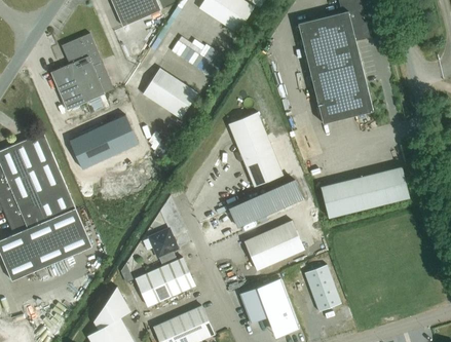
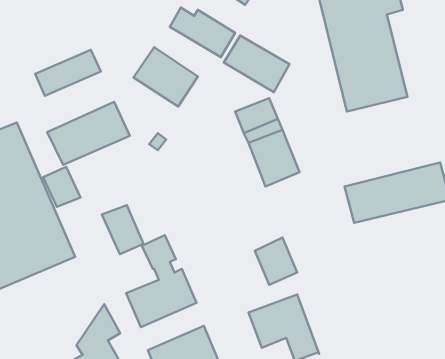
building: [50,33,106,91] -> none
building: none -> [224,35,290,92]
building: none -> [43,167,80,207]
building: [230,181,304,228] -> none
building: none -> [102,205,144,254]
building: [268,220,305,260] -> none
building: [304,264,341,311] -> none

